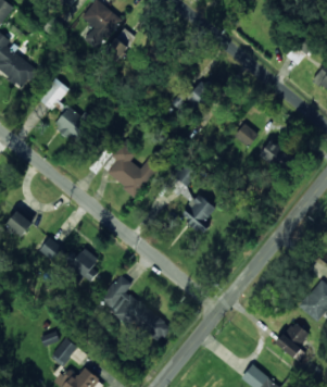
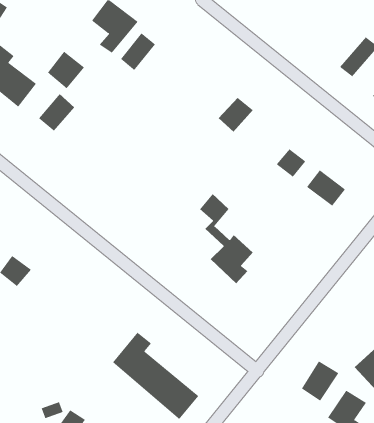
building: none -> [47,51,85,89]
building: [53,107,87,141] -> none
building: [106,142,159,196] -> none
building: [40,237,98,286] -> none
building: none -> [301,360,339,402]

